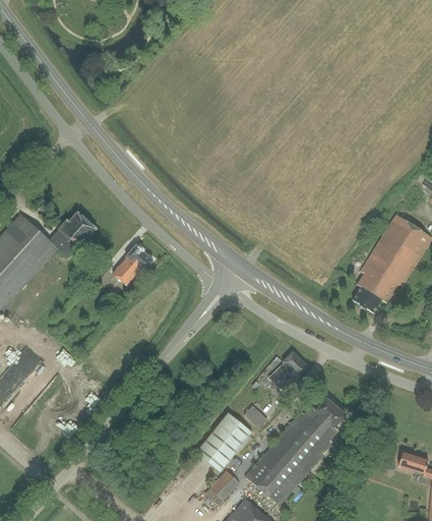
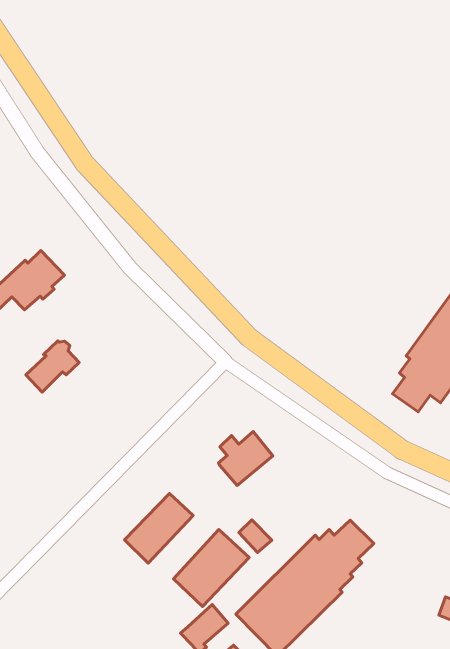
building: [113,245,152,285] -> [26,341,79,392]
building: [268,351,309,393] -> [219,432,273,486]
building: none -> [125,493,193,563]

